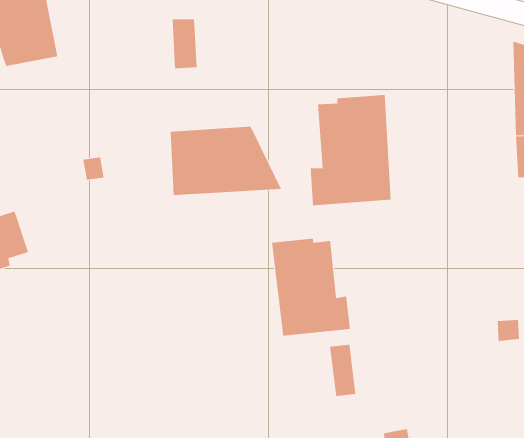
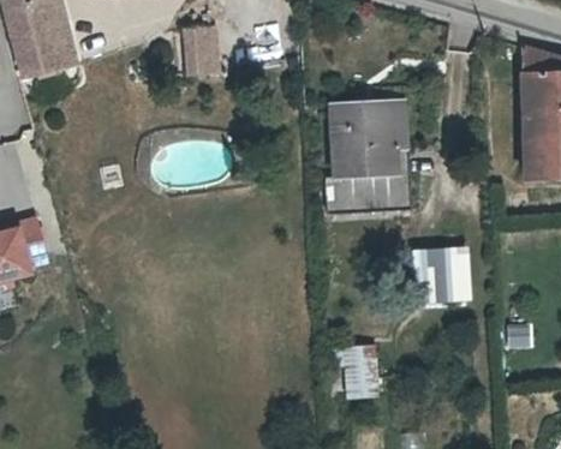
building: [170,126,282,196] -> none
building: [271,238,351,336] -> none
building: none -> [412,255,461,299]

